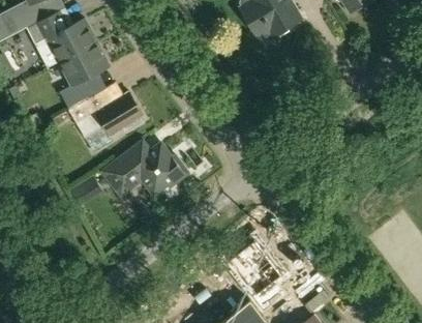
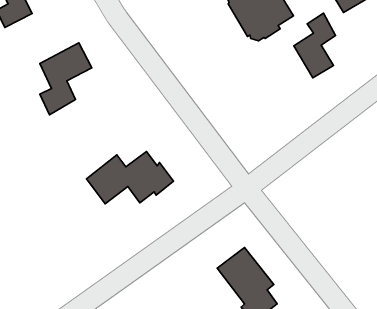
building: none -> [294,13,336,78]
building: [27,16,97,69] -> none
building: [68,91,145,140] -> none

